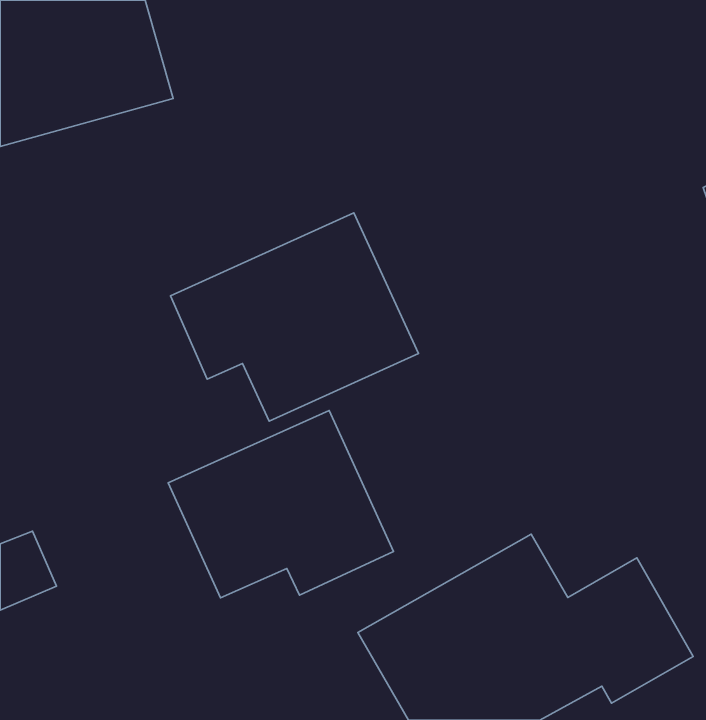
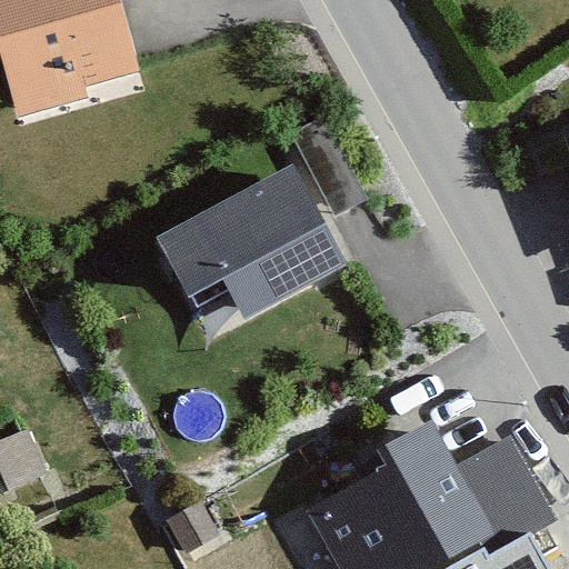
building: [168,410,393,598] -> none

